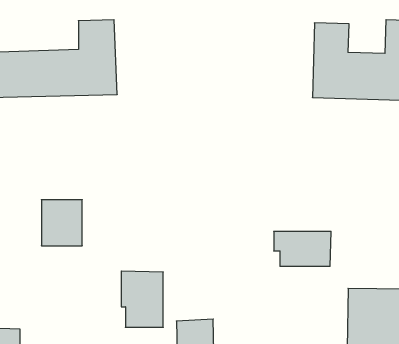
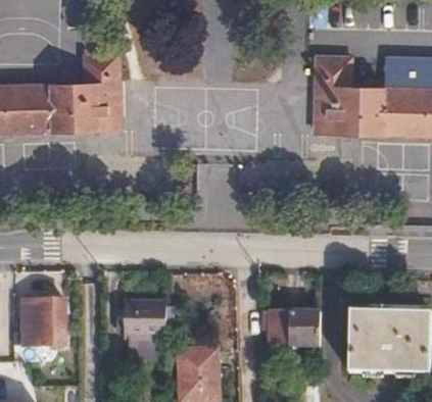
building: [41,200,82,246] -> [21,301,62,347]
building: [274,231,331,266] -> [262,313,320,348]

